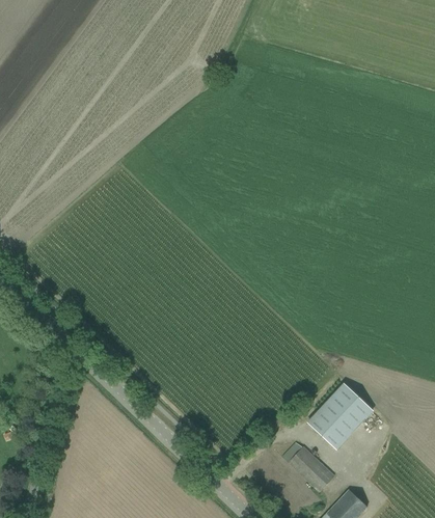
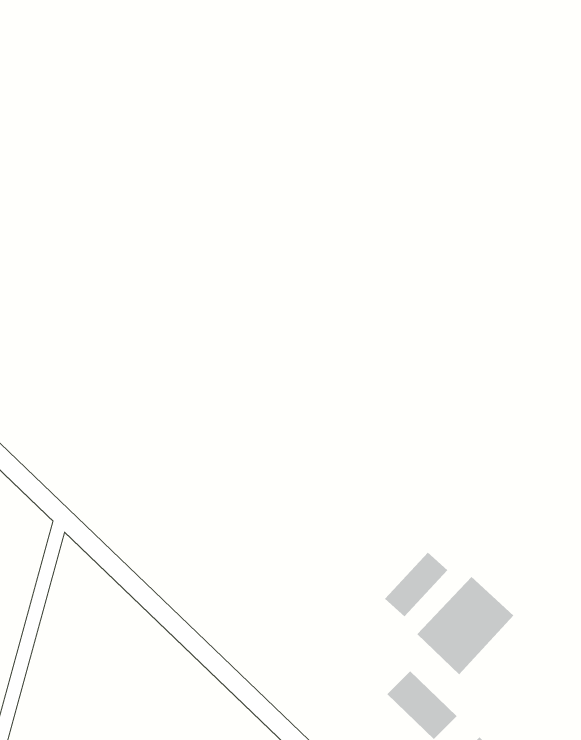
building: none -> [384,552,448,617]

